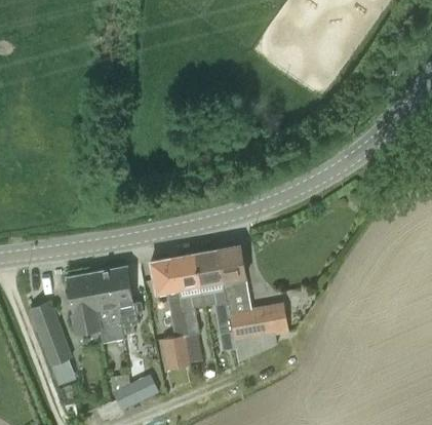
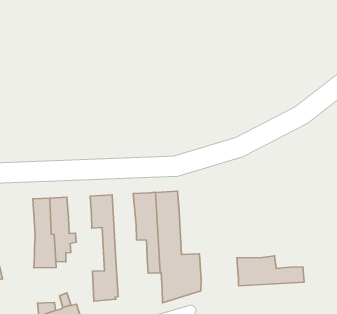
building: [172,254,203,336] -> none
building: [66,272,101,335] -> none
building: none -> [237,256,304,286]

